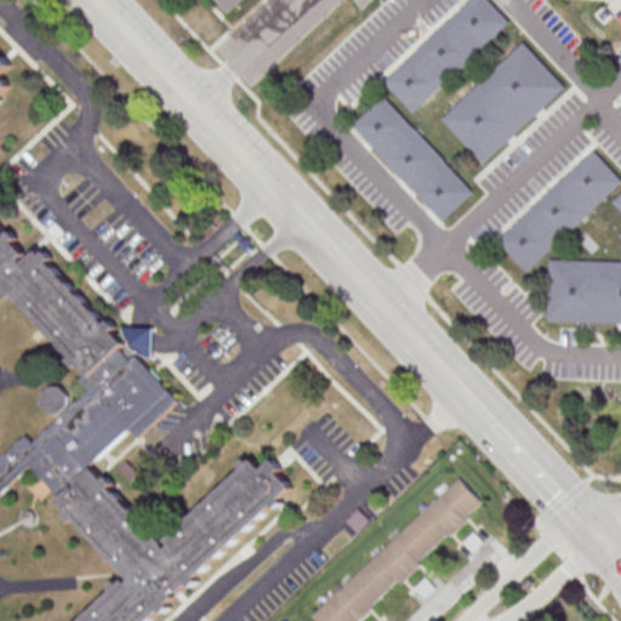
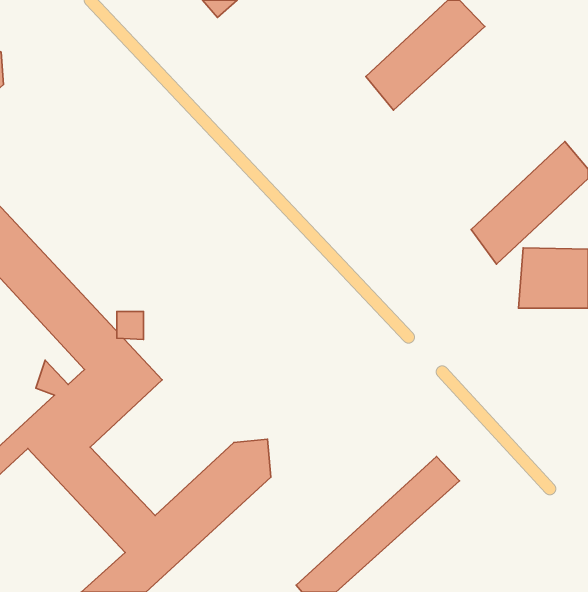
building: [437,40,566,170] -> none
building: [351,96,475,228] -> none

